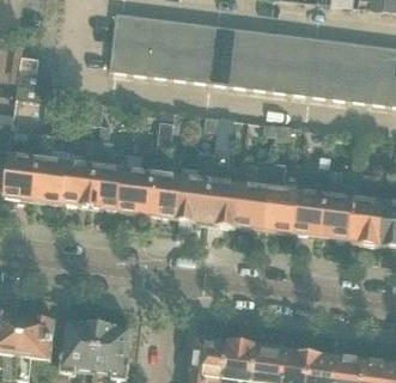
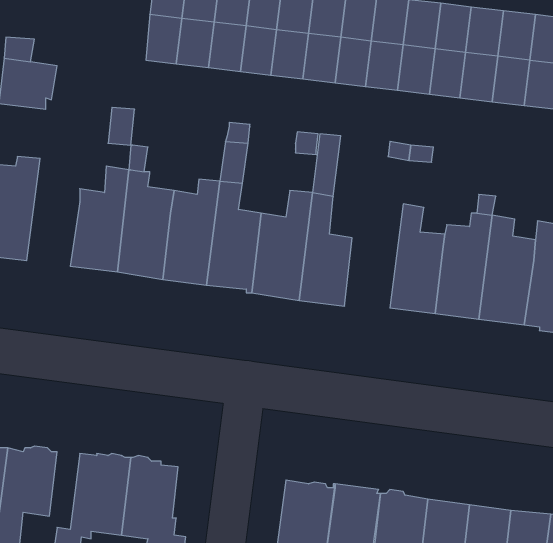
building: [33,134,68,202] -> none
building: [234,162,272,229] -> none

